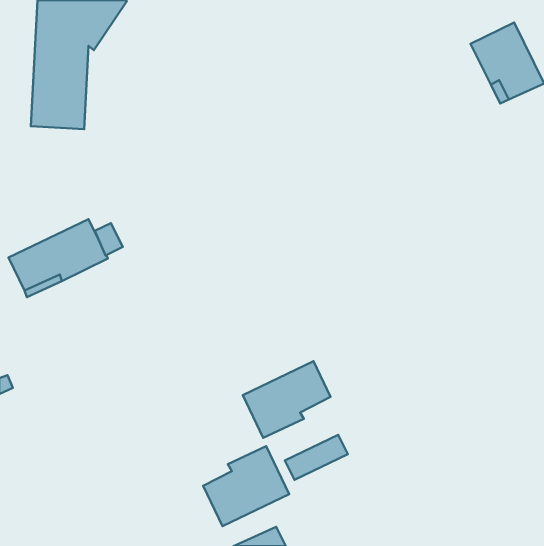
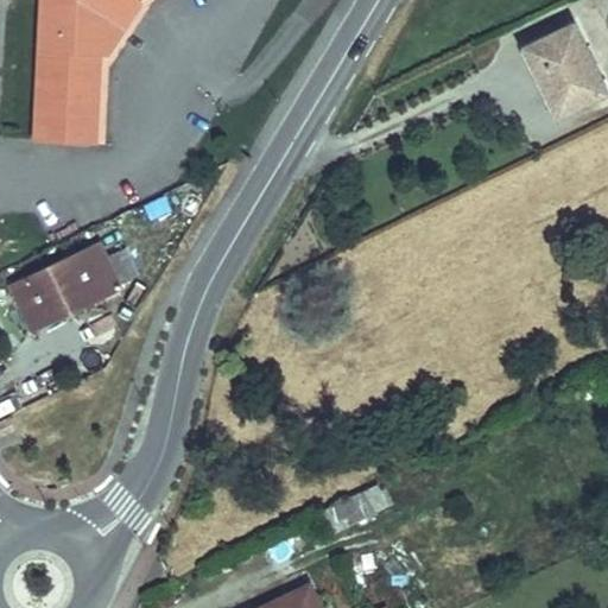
building: [243,361,331,438] -> none
building: [203,446,289,526] -> none

